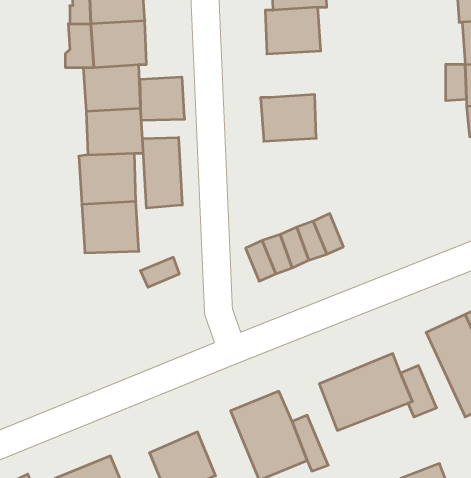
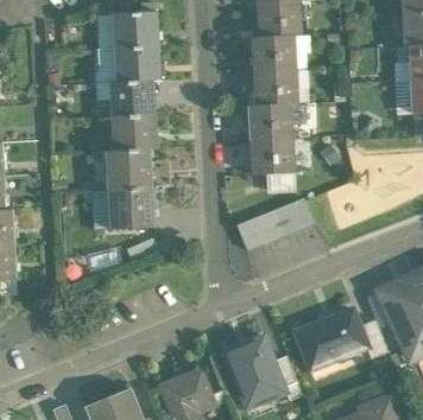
building: none -> [253,70,298,107]
building: [140,77,184,121] -> none
building: [143,137,182,208] -> none
building: none -> [251,139,295,176]

